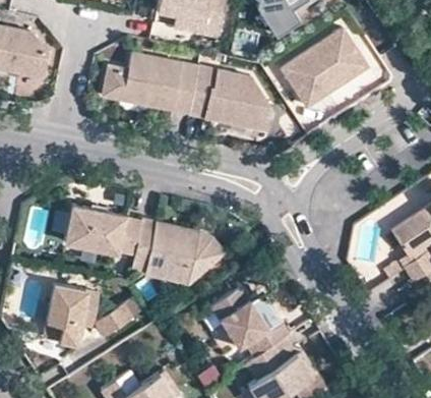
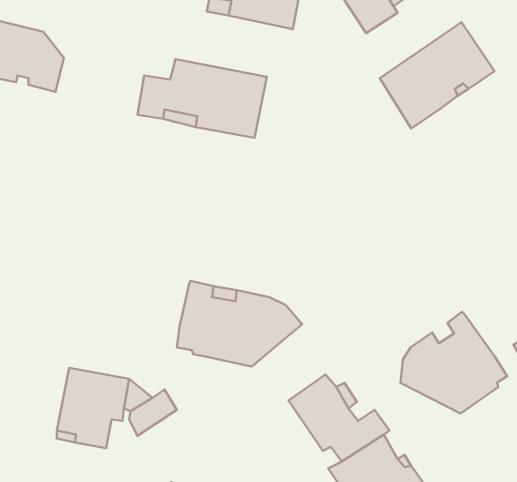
building: [190,67,273,127] -> none
building: [67,206,141,254] -> none
building: none -> [400,312,507,414]

